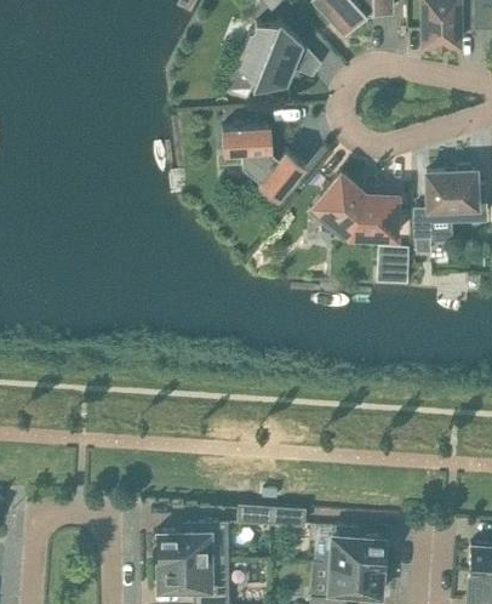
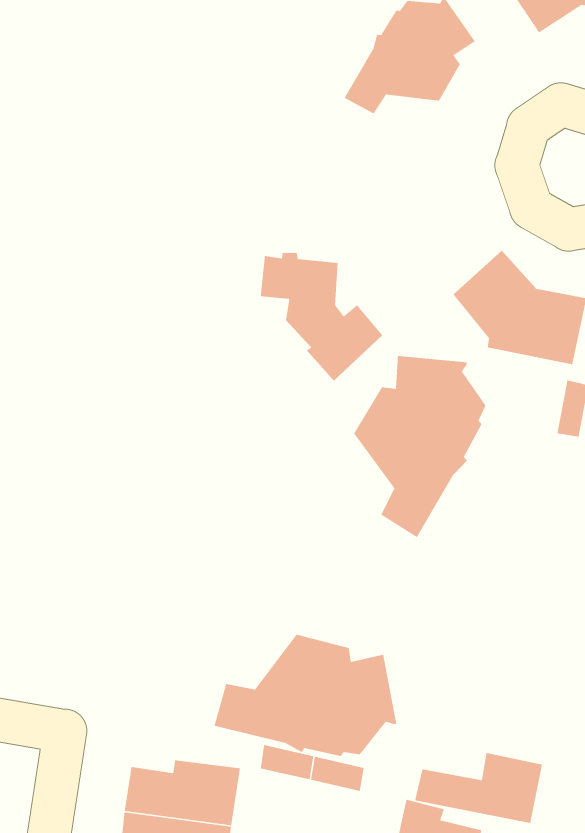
building: [223,124,305,201] -> [260,252,383,382]
building: none -> [353,355,486,538]
building: none -> [213,634,397,757]
building: none -> [414,752,543,824]

